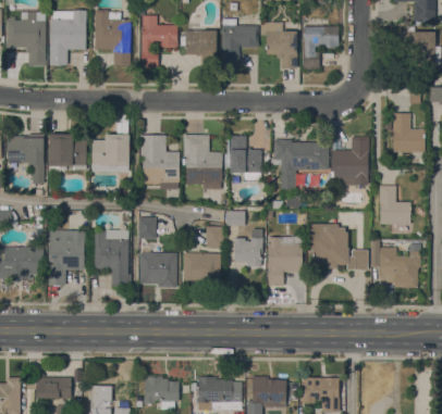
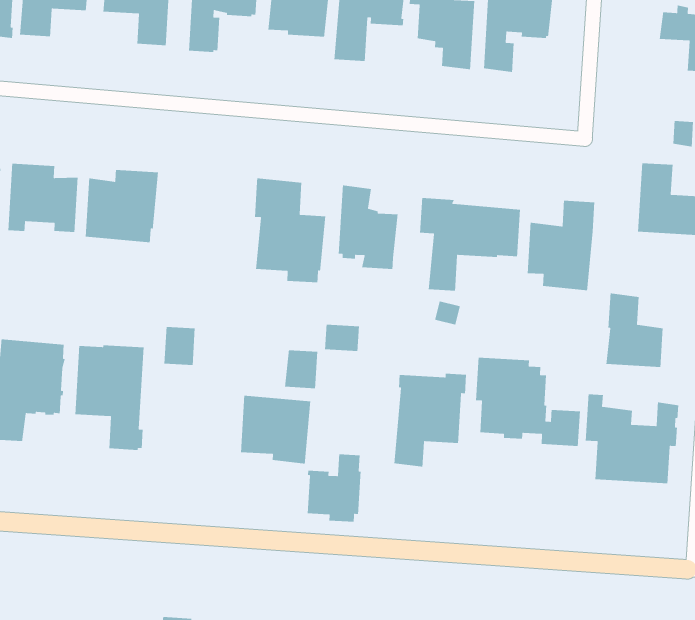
building: [139,135,180,188] -> none
building: [233,228,262,265] -> [307,454,362,523]
building: [139,252,176,287] -> none

